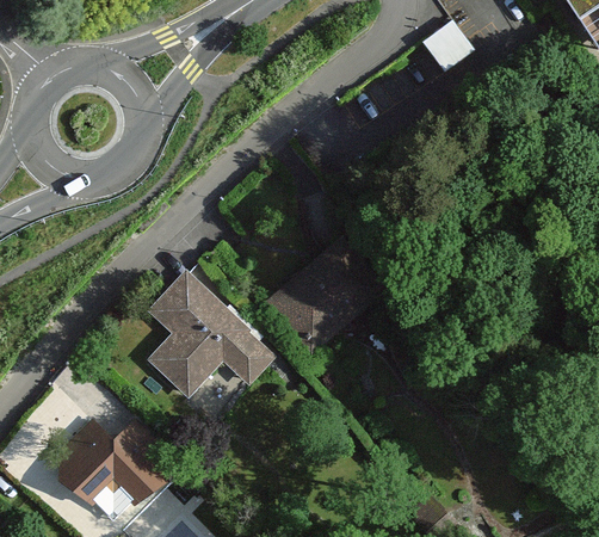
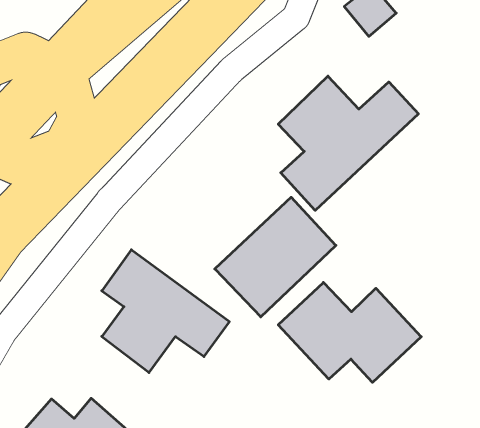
building: none -> [278,76,418,210]
building: none -> [278,282,421,382]

